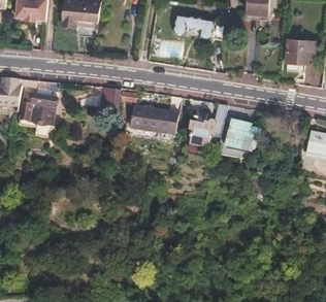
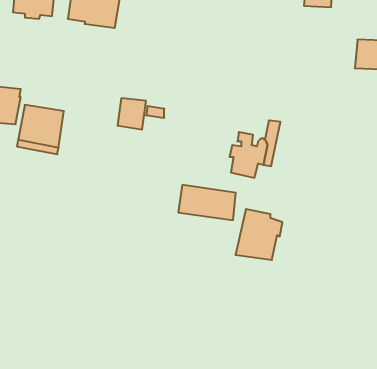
building: [172,12,213,36] -> none
building: [129,106,174,134] -> [178,185,236,220]
building: [223,119,260,159] -> [235,209,282,260]

